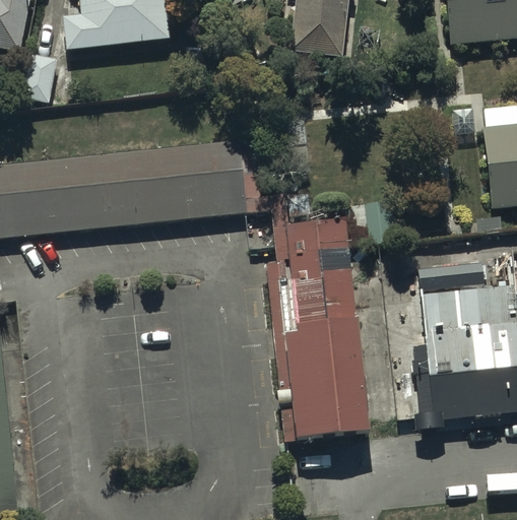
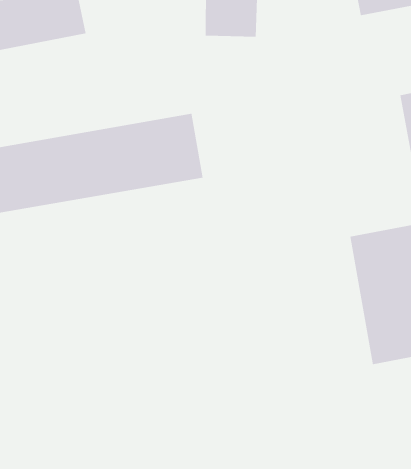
building: [271,216,363,434] -> none

